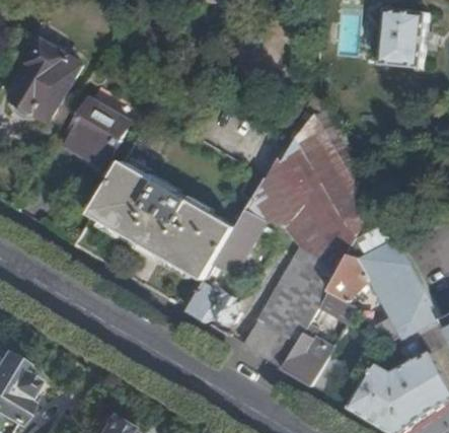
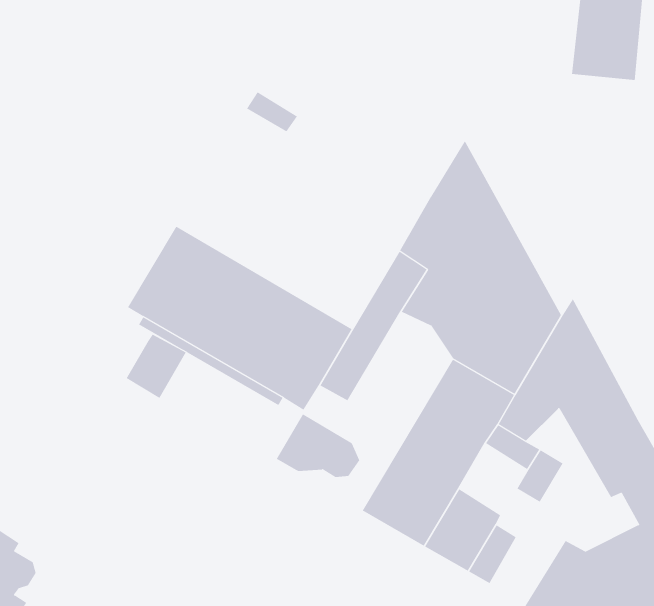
building: [13,41,80,119] -> none
building: [64,97,129,165] -> none
building: none -> [126,334,187,399]

